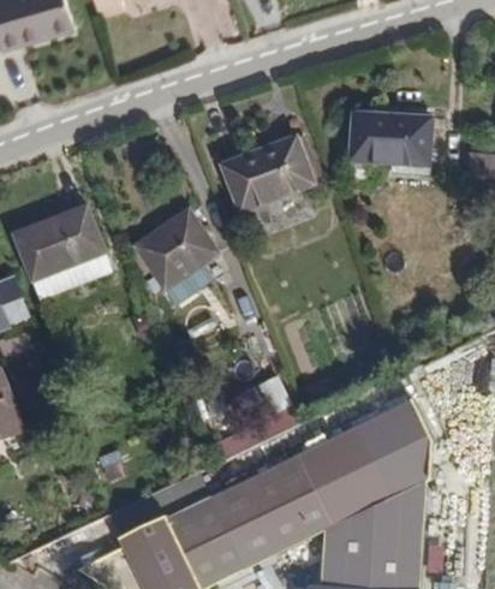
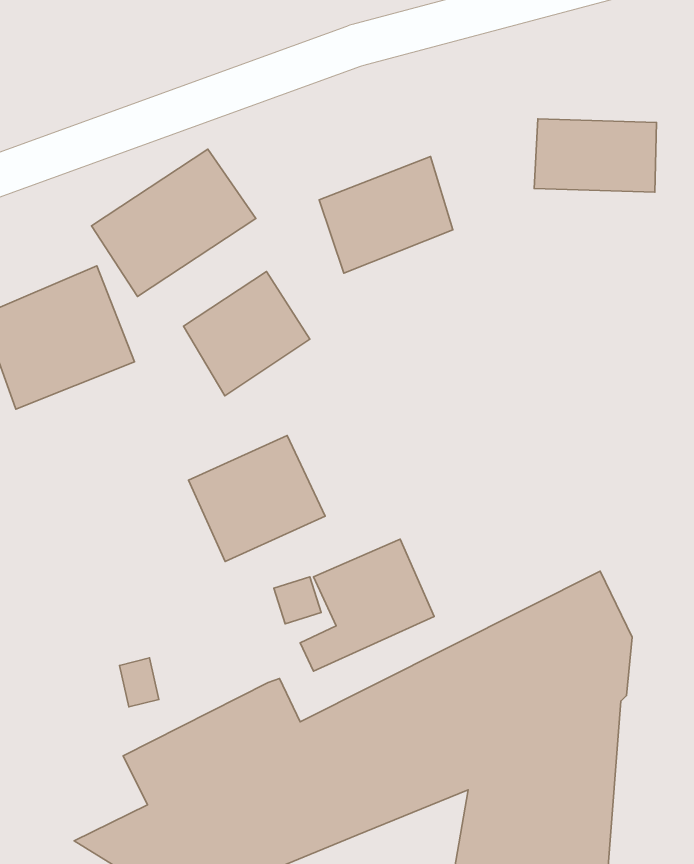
building: none -> [91,149,256,297]
building: none -> [189,435,325,561]

